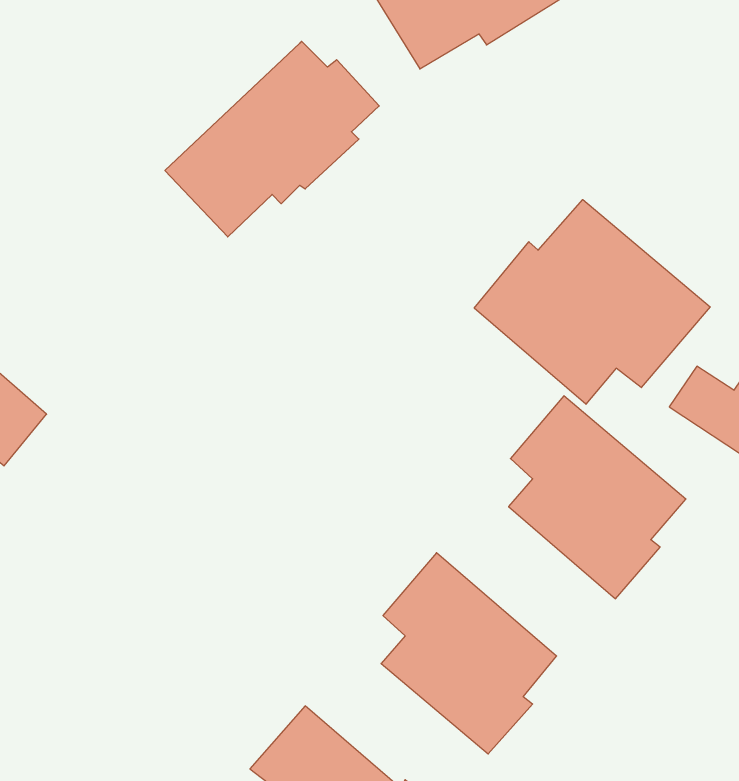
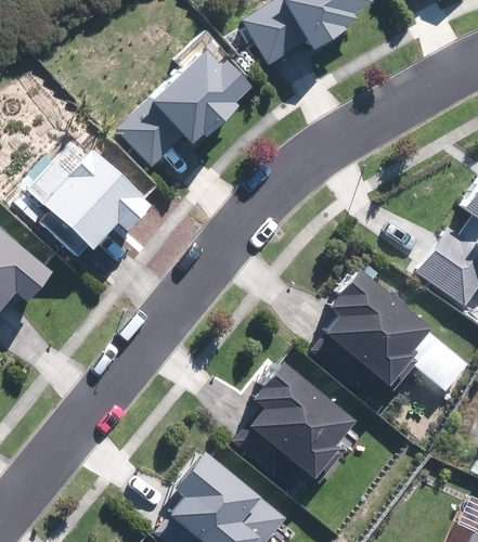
building: none -> [31,144,147,253]
building: [474,200,710,404] -> none

